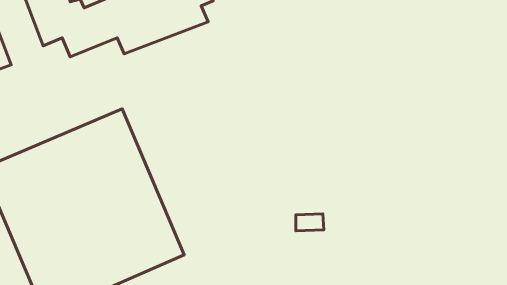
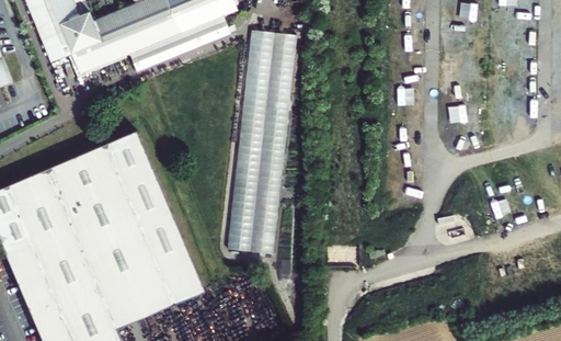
building: none -> [226,30,297,252]

